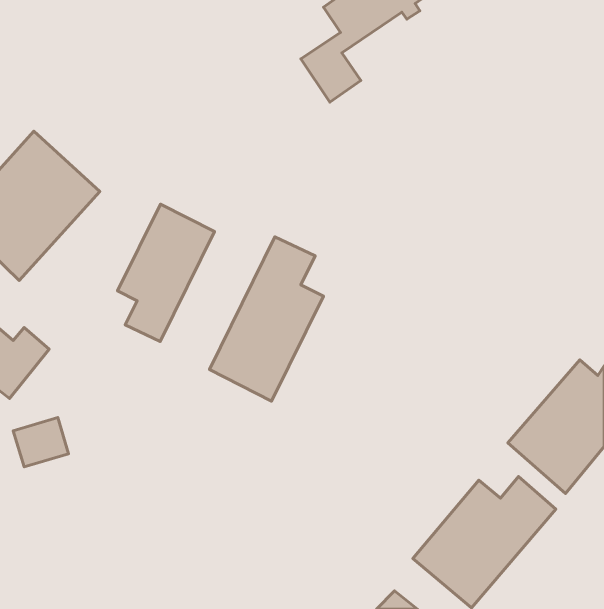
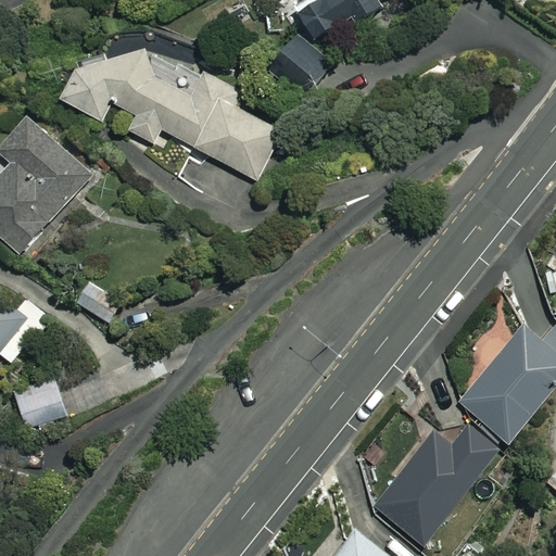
building: none -> [62,42,278,178]
building: [117,204,214,342] -> none
building: [210,237,324,401] -> none

